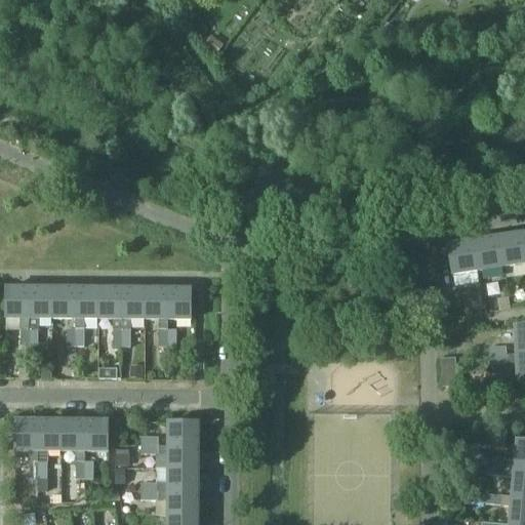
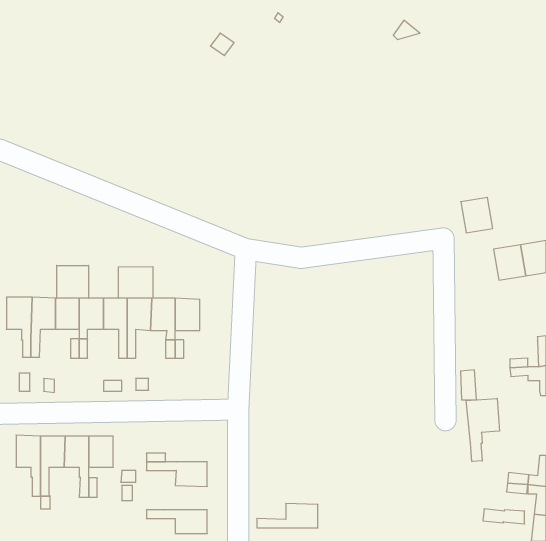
building: [448,239,479,273] -> [461,197,493,233]
building: none -> [57,265,89,298]
building: none -> [119,267,153,298]
building: none -> [466,398,499,462]
building: [169,419,199,443] -> none
building: [140,466,199,489] -> [257,503,318,528]

